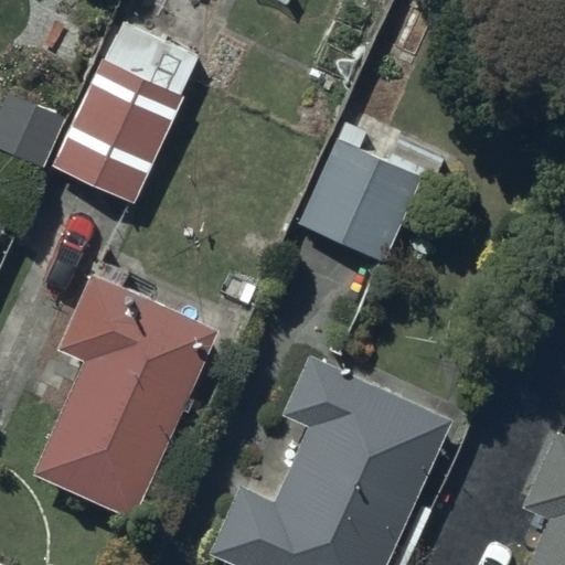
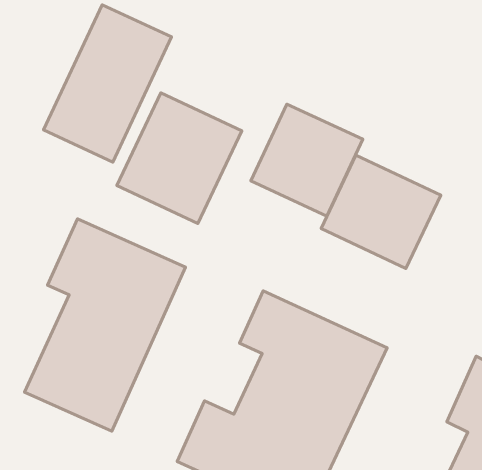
building: none -> [117,93,242,224]
building: none -> [321,155,441,268]

